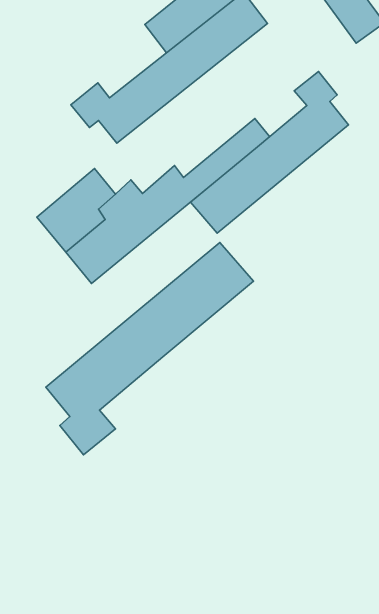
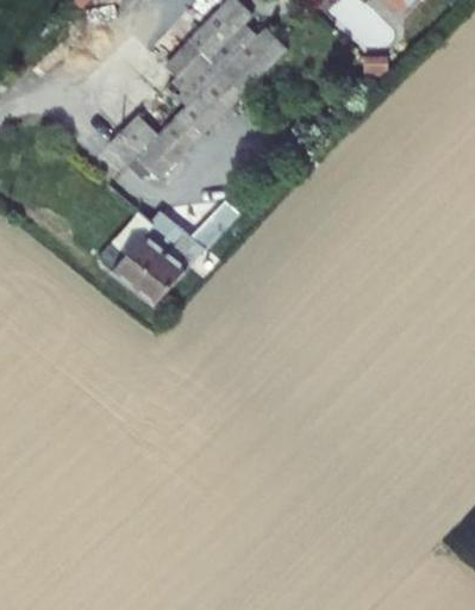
building: [191,71,349,233] -> none
building: [46,242,254,455] -> none

